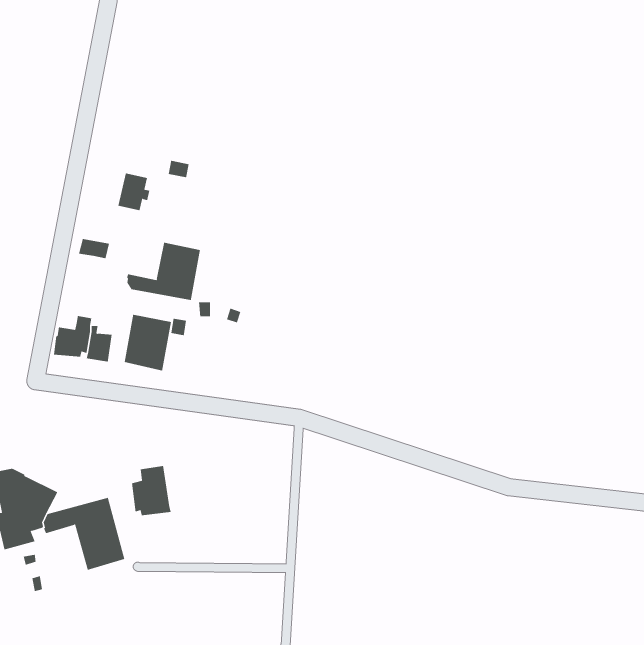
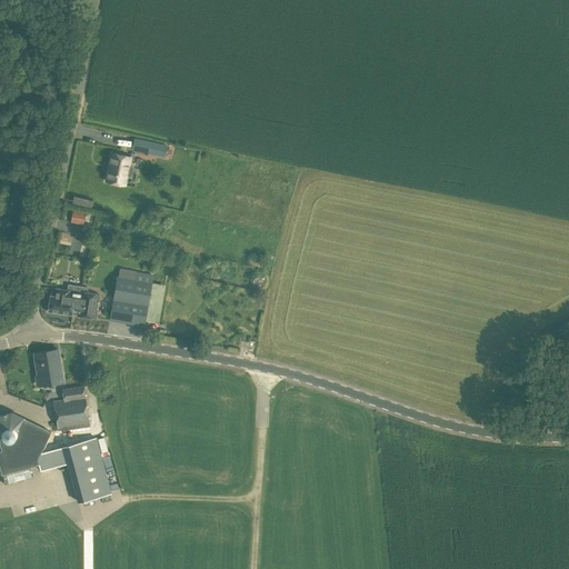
building: [126,242,201,301] -> none
building: none -> [33,349,62,387]
building: [131,465,171,516] -> [53,386,89,430]

